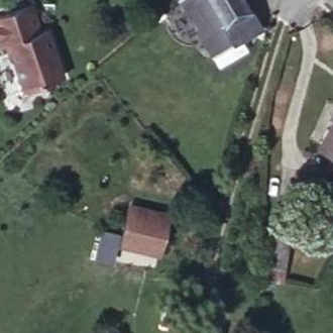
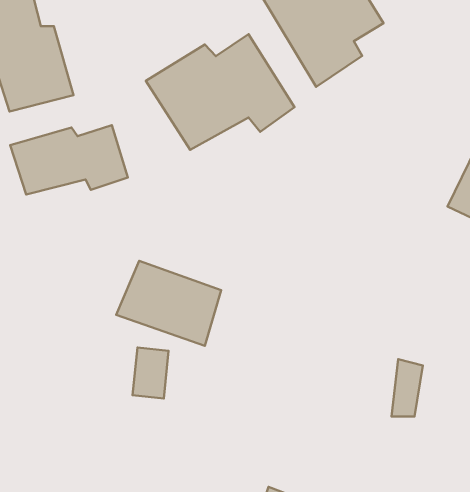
building: none -> [146,34,295,150]
building: none -> [10,125,128,194]

